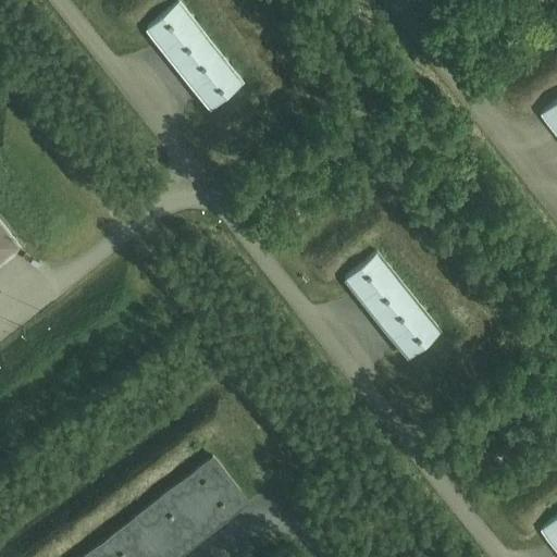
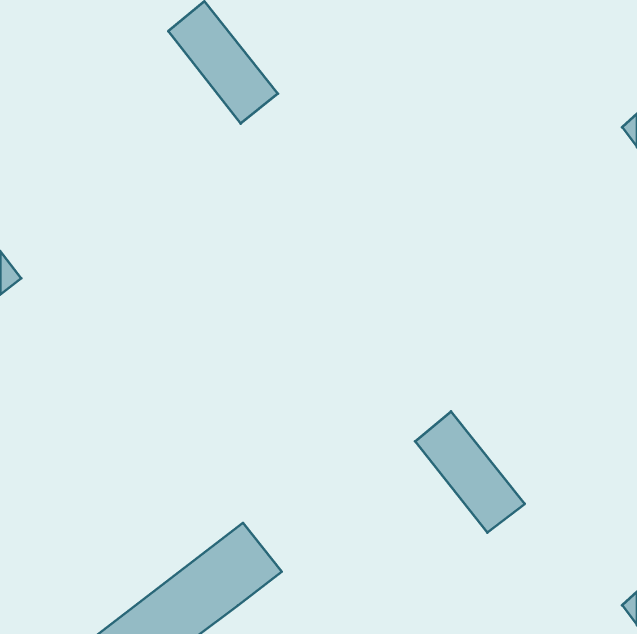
building: [345,255,441,360] -> [415,411,525,533]

